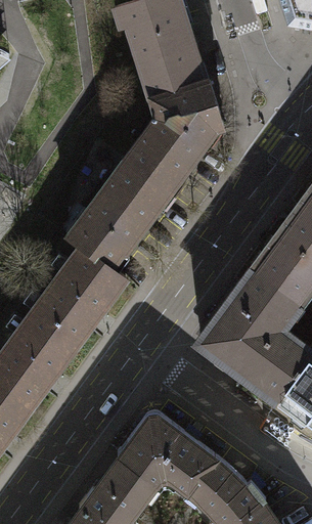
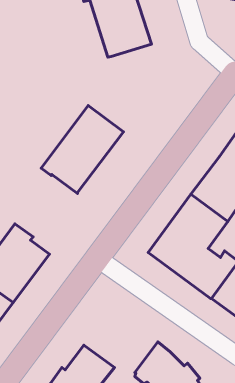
building: [126,82,223,192] -> none
building: [35,246,127,345] -> none
building: [119,412,213,492] -> none

